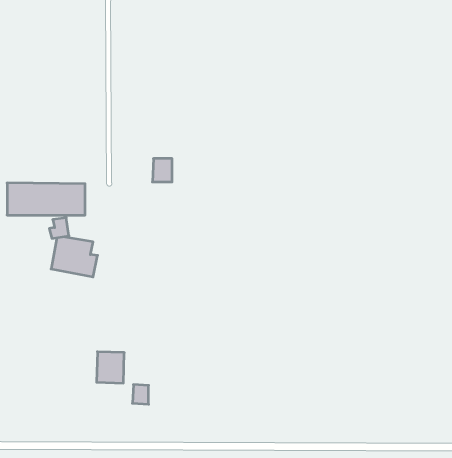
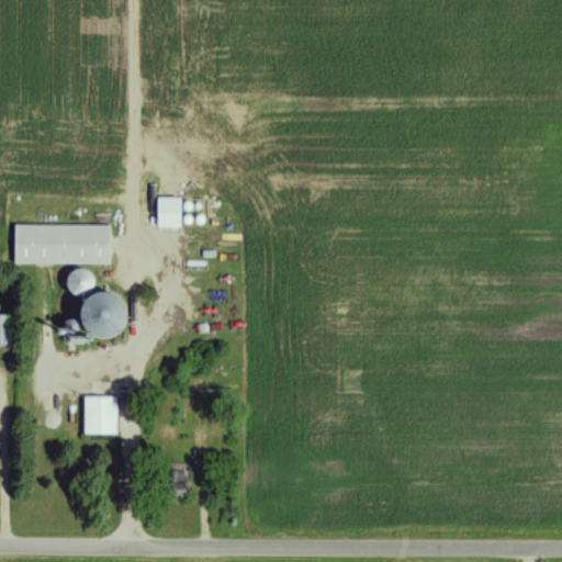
building: [152,159,172,182] -> [156,198,180,226]
building: [97,352,124,383] -> [85,396,119,435]

